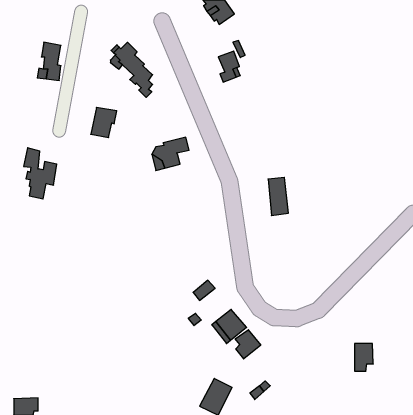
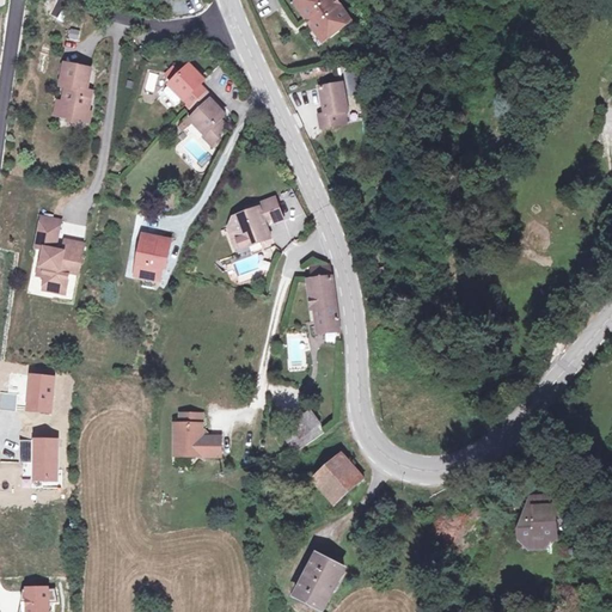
building: [91,107,117,138] -> [131,233,170,277]
building: [268,177,288,216] -> [306,277,336,333]
building: none -> [22,373,54,414]
building: none -> [173,414,219,454]
building: none -> [29,436,57,482]
building: [235,330,261,359] -> none

